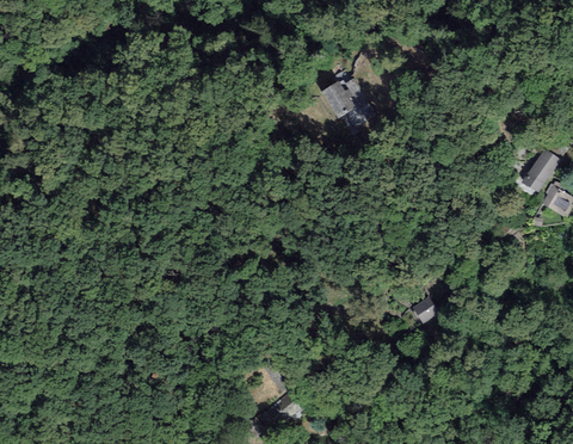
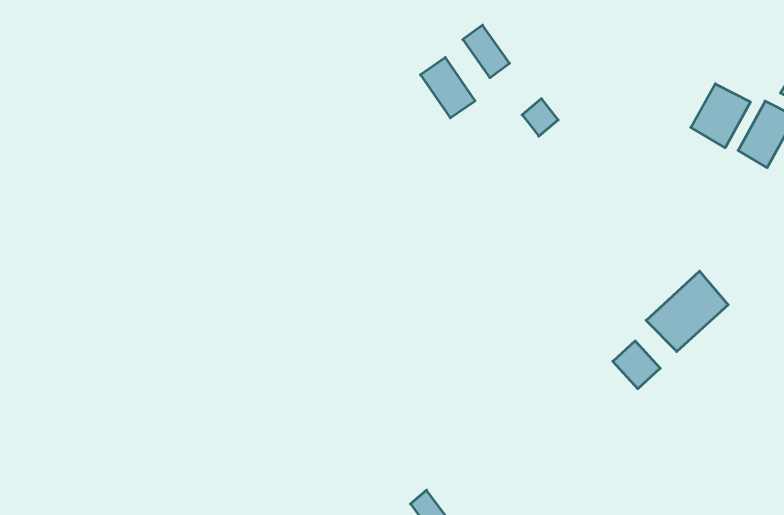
building: none -> [691,84,750,148]
building: none -> [646,271,728,352]

